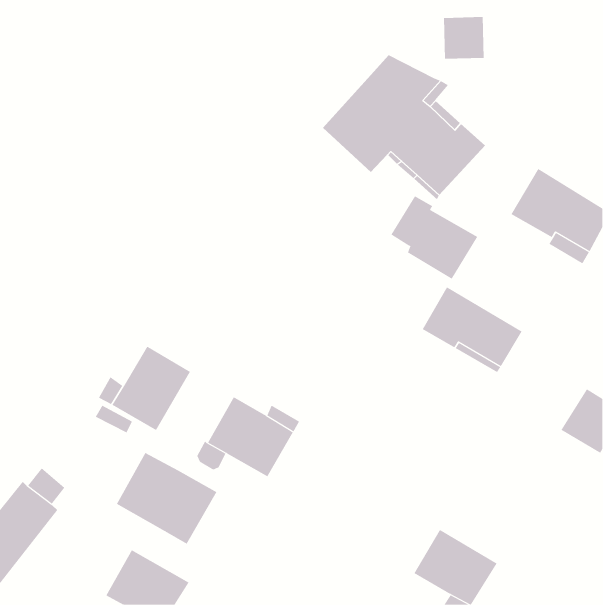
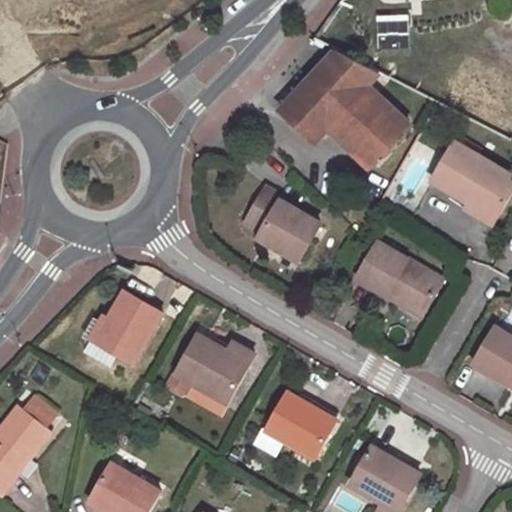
building: [391,196,478,280] -> [245,189,319,260]
building: [116,452,217,544] -> none
building: none -> [266,393,334,457]

